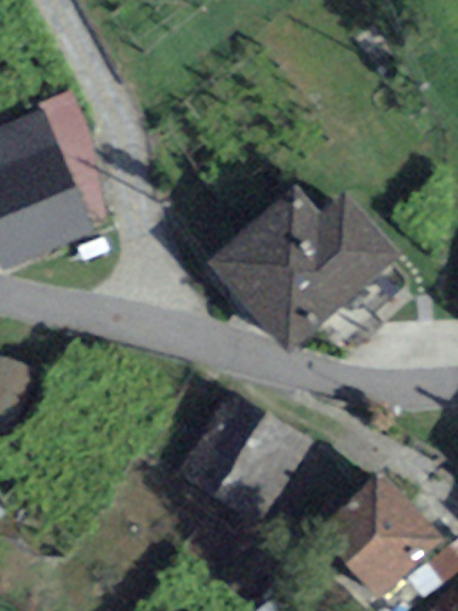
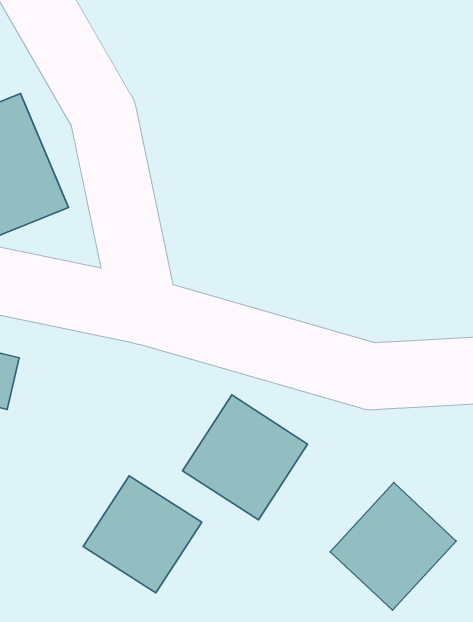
building: [228,200,394,341] -> none
building: none -> [83,476,202,593]

